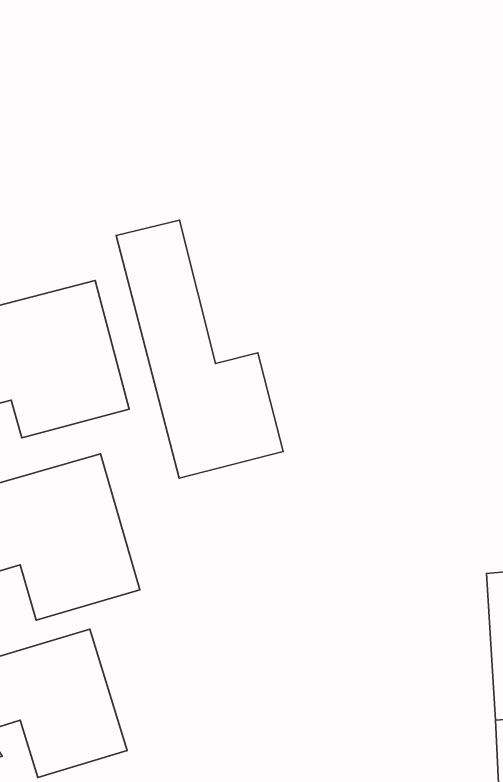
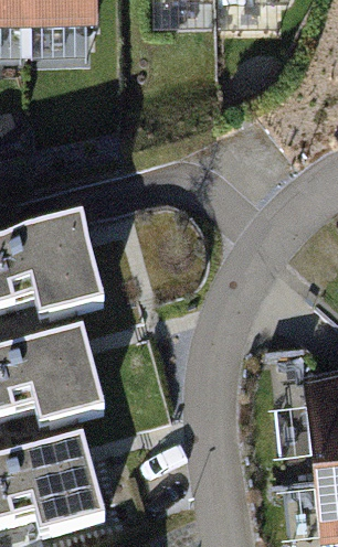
building: [116,220,283,478] -> none

